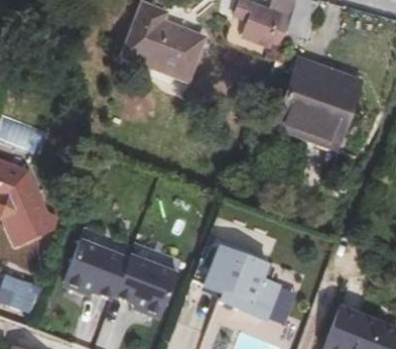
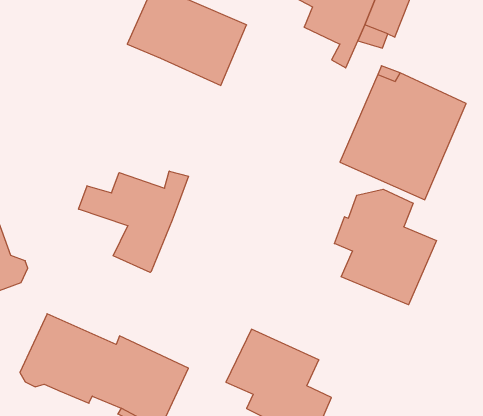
building: none -> [79,171,188,272]
building: none -> [334,189,436,305]

